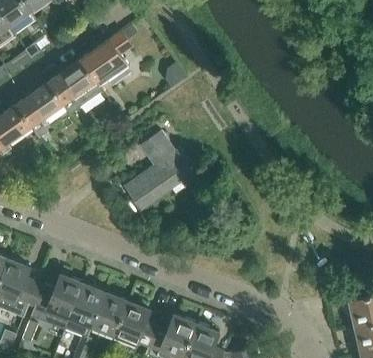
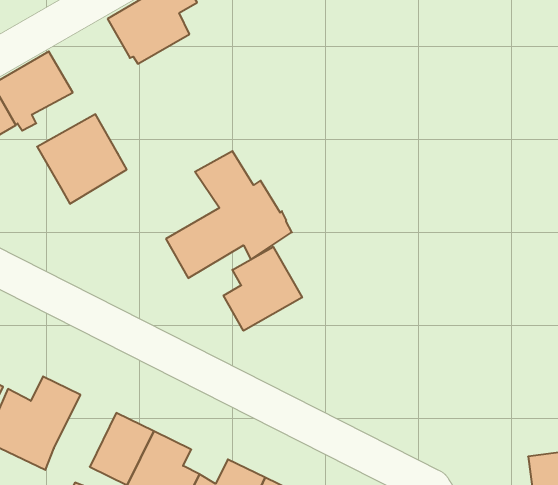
building: [47,60,101,114] -> [37,114,127,204]
building: none -> [224,247,302,331]
building: [69,283,104,325] -> none

